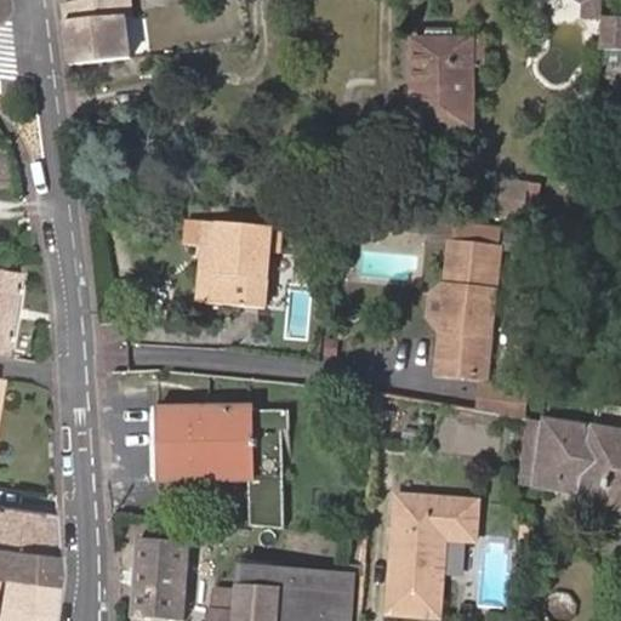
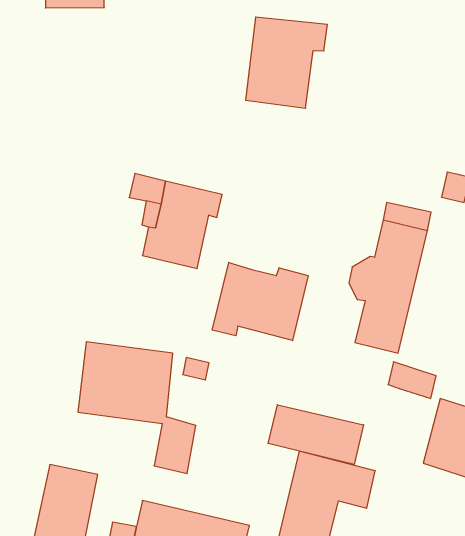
building: [410,39,485,129] -> [246,17,327,108]
building: none -> [212,262,308,341]
building: none -> [268,405,364,465]

